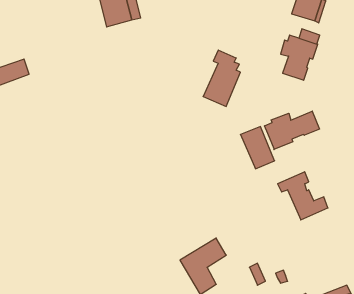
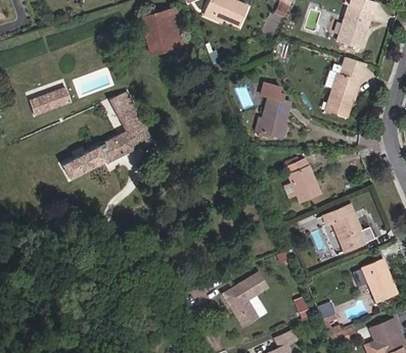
building: none -> [61,92,150,180]
building: [265,111,320,150] -> none
building: none -> [353,259,396,301]

